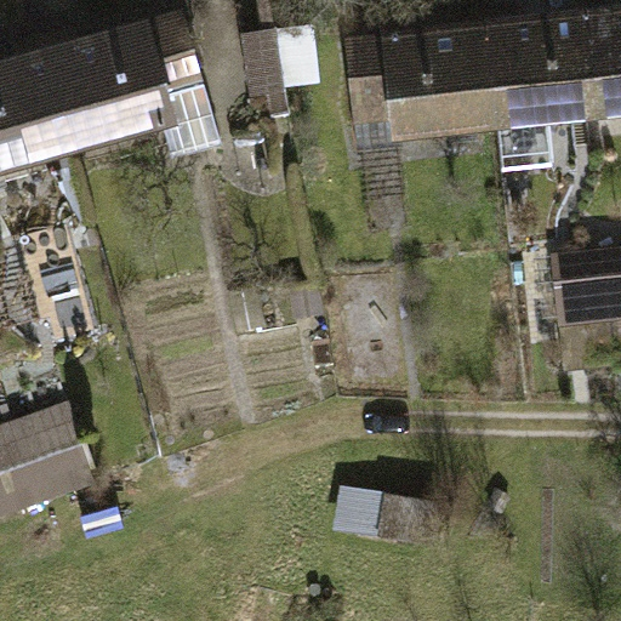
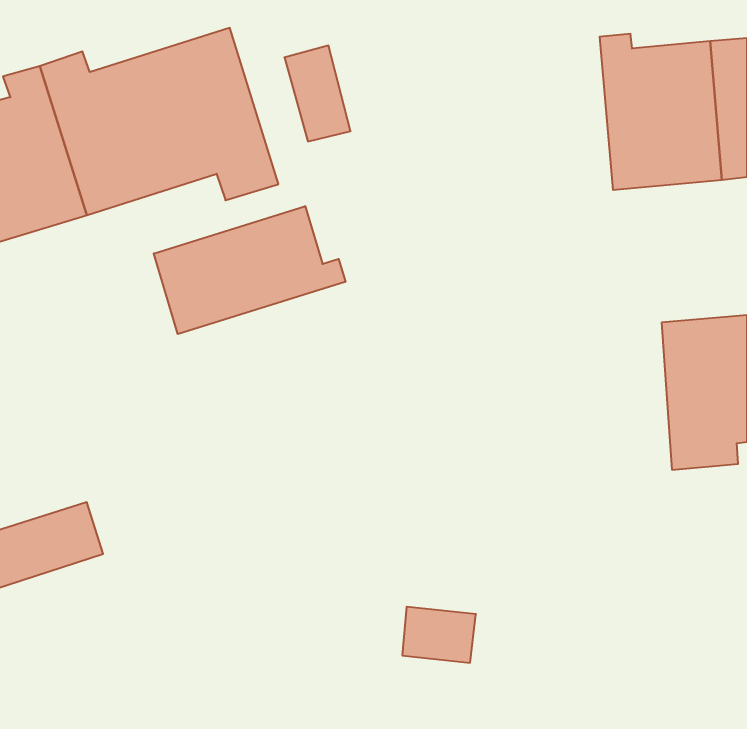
building: [352,30,505,177] -> none
building: none -> [154,206,345,334]

